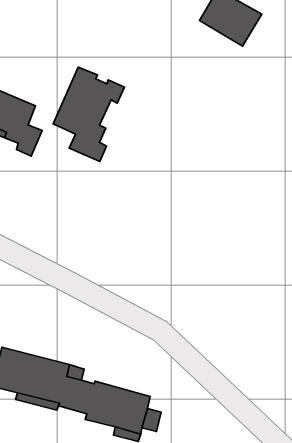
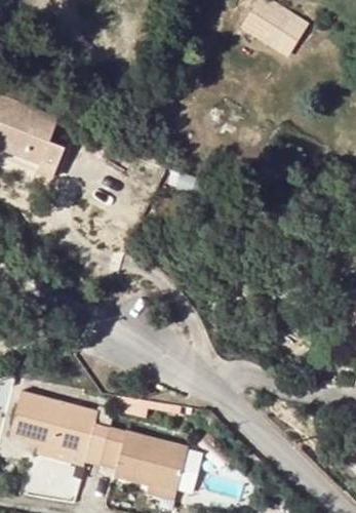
building: [53,67,124,161] -> none

